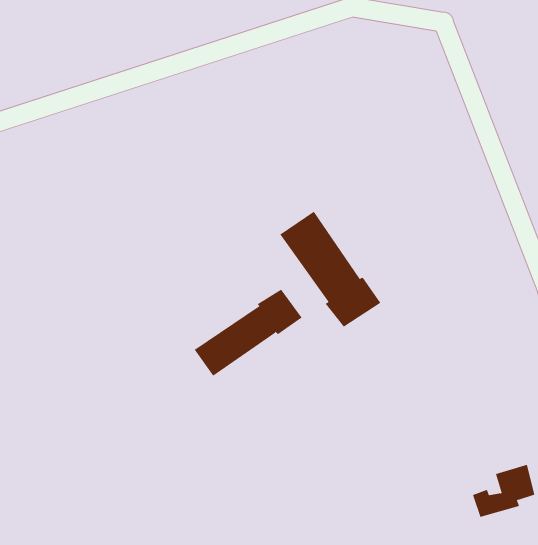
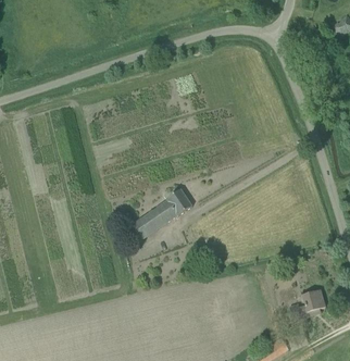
building: [279,211,381,328] -> none

